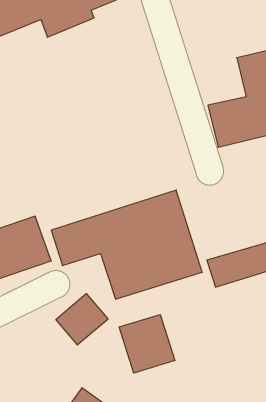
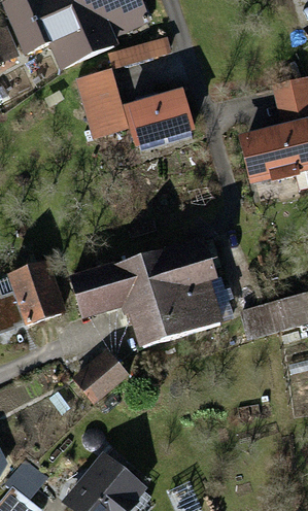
building: none -> [73,36,196,155]
building: [119,315,175,373] -> none

